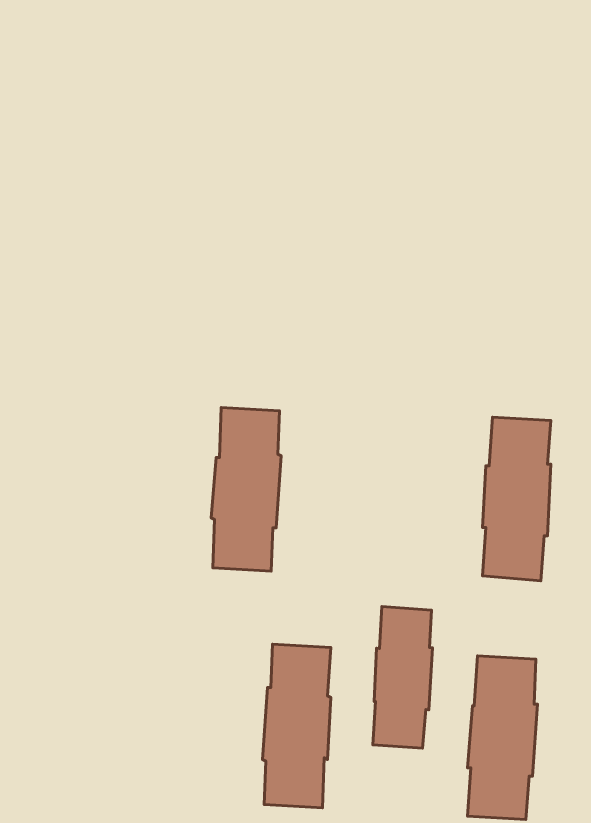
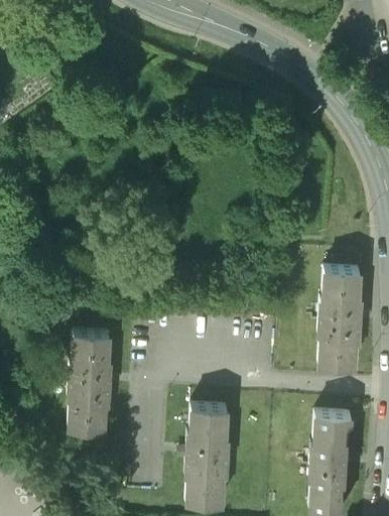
building: [211,408,281,571] -> [67,329,109,427]
building: [373,607,432,748] -> none

